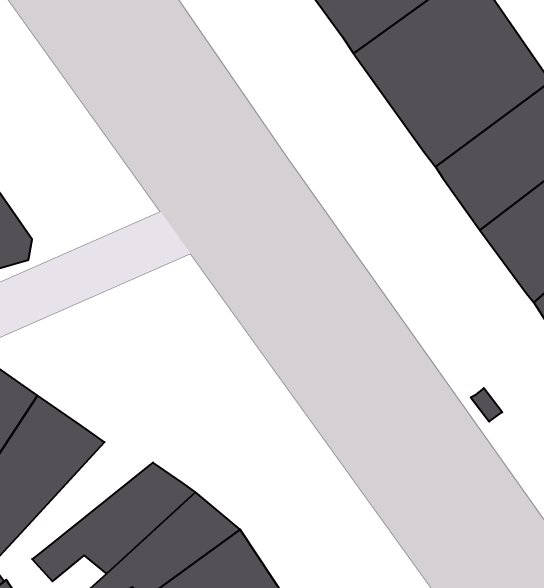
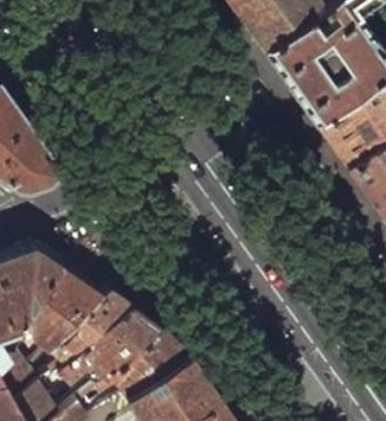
building: none -> [51,294,135,371]

